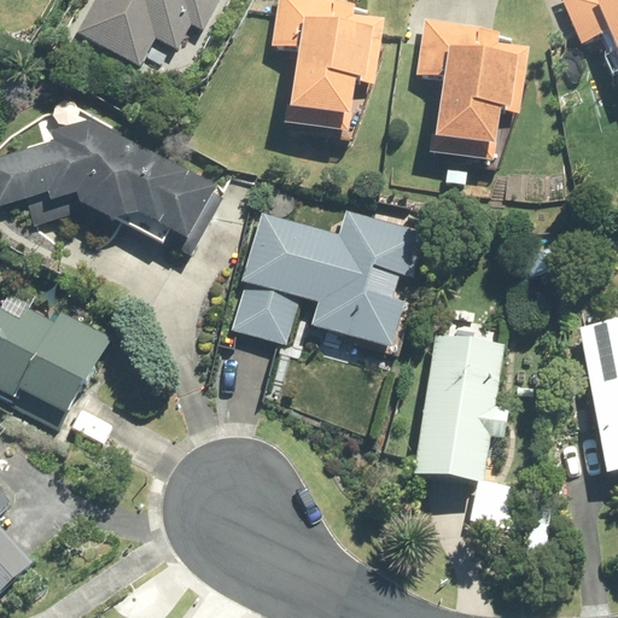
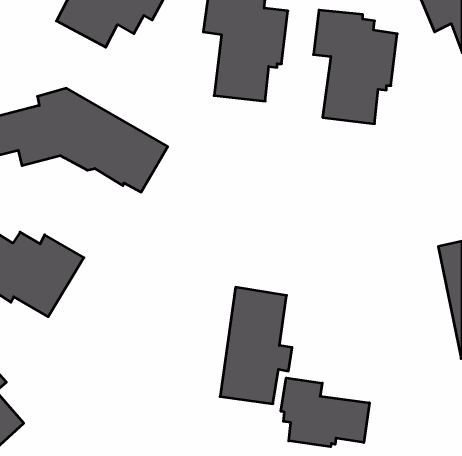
building: [231,204,424,345] -> none
building: [416,328,512,483] -> [220,287,292,404]
building: none -> [281,378,369,447]

